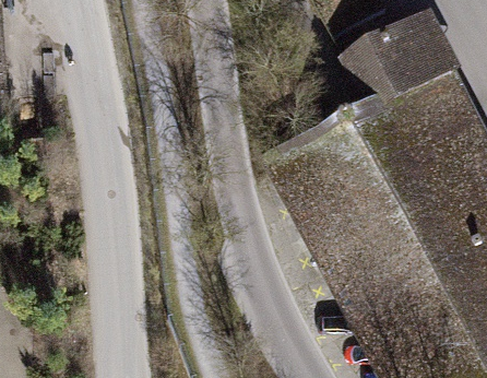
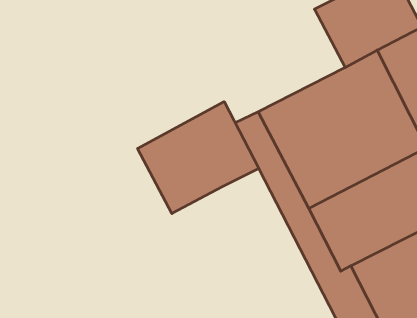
building: none -> [138,102,259,214]

